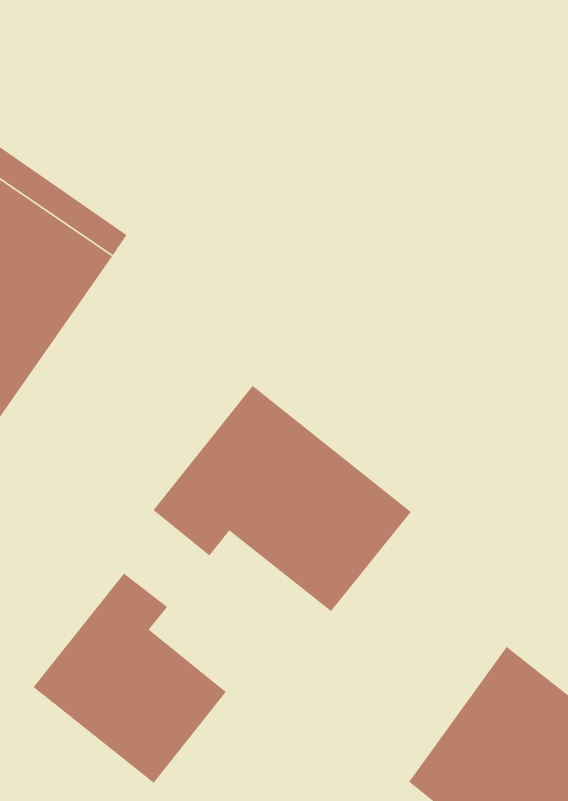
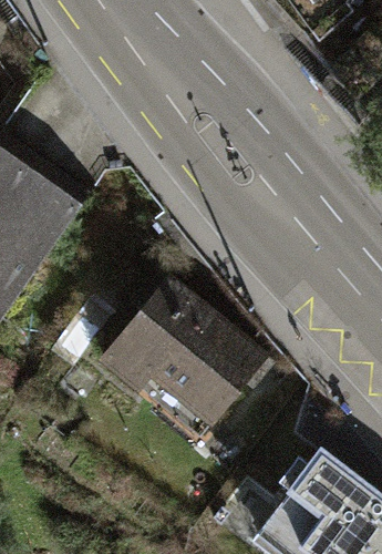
building: [32,572,227,784] -> none

